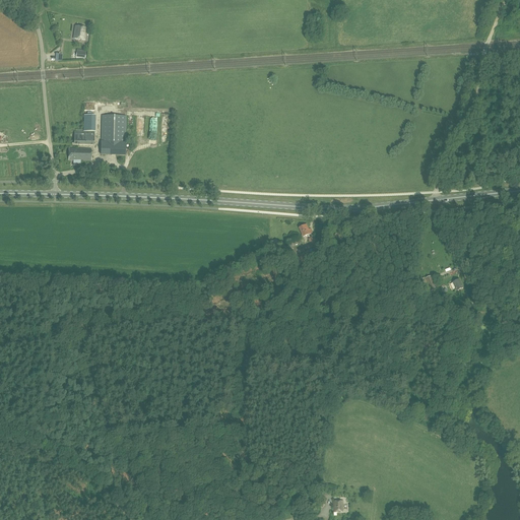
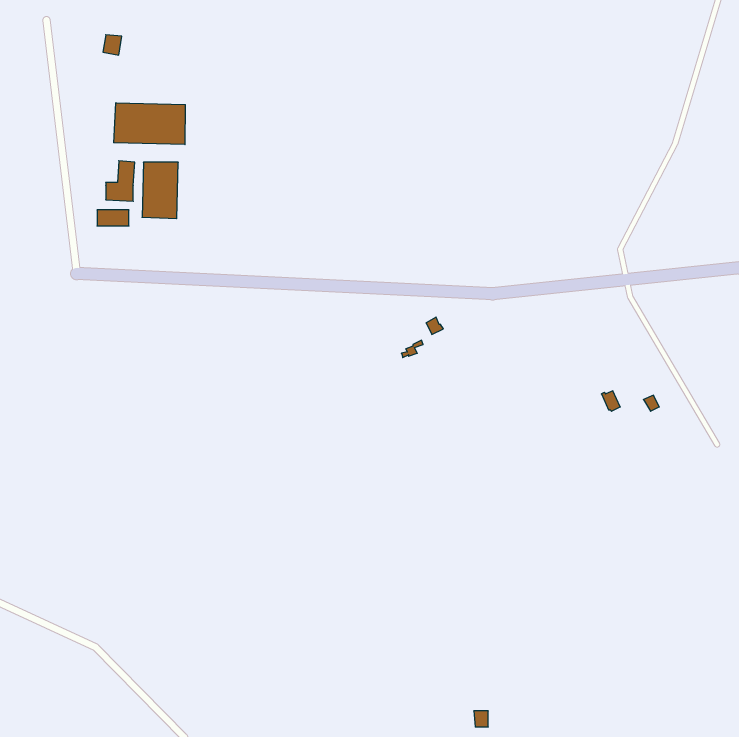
building: none -> [114,103,185,145]

